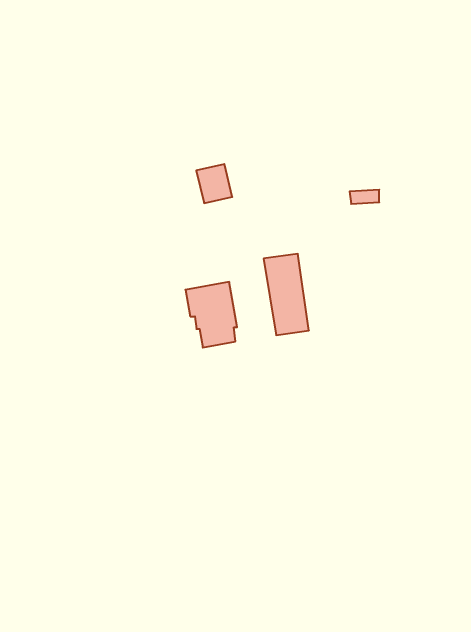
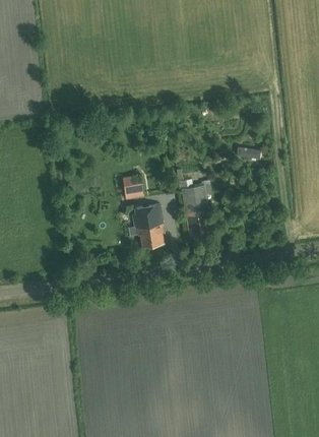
building: [196,164,232,203] -> [121,173,144,198]

